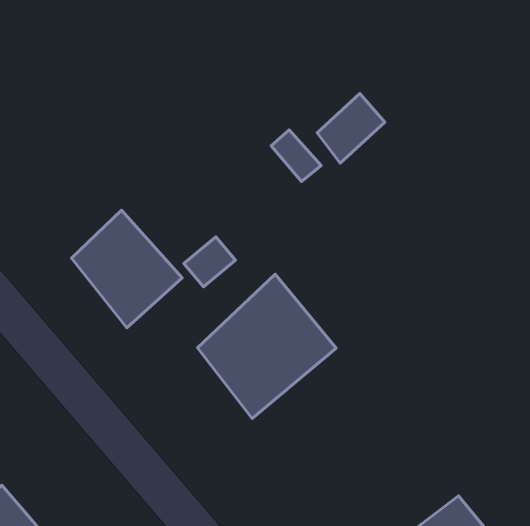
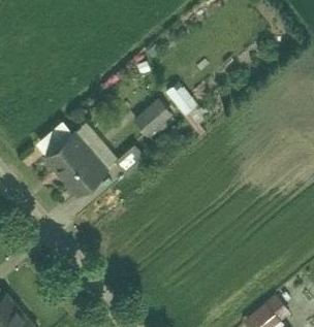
building: [317,93,385,163] -> [134,99,174,139]
building: [197,274,336,418] -> none

